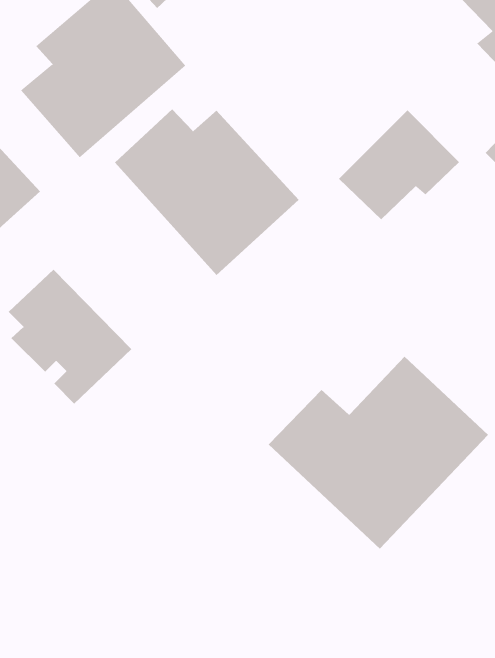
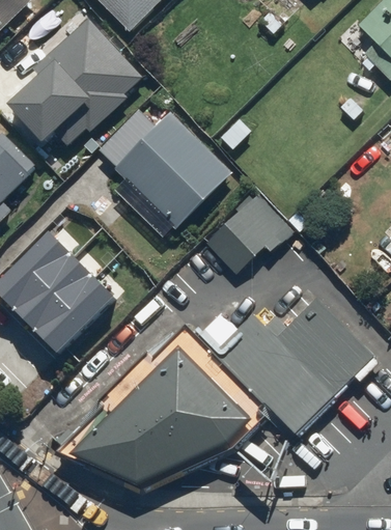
building: [338,110,460,220] -> [203,193,295,276]
building: none -> [66,341,249,479]

